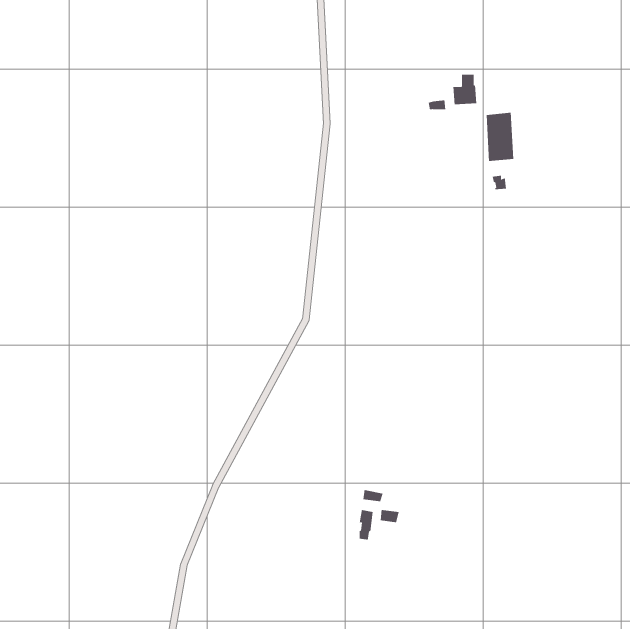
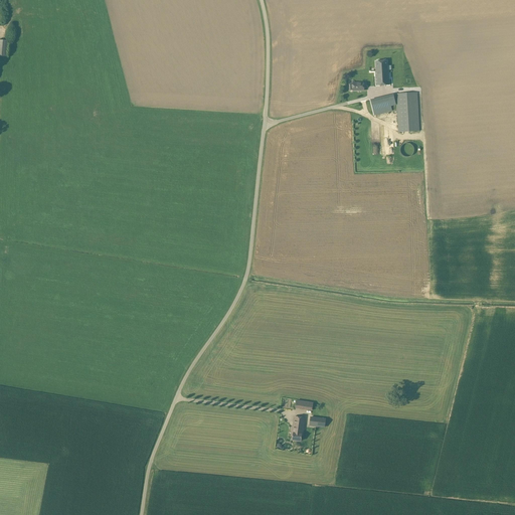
building: none -> [370,94,396,115]

